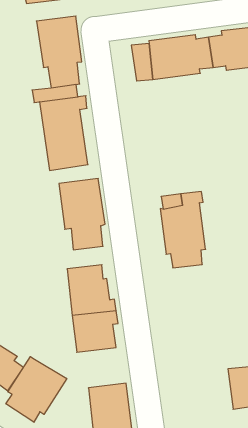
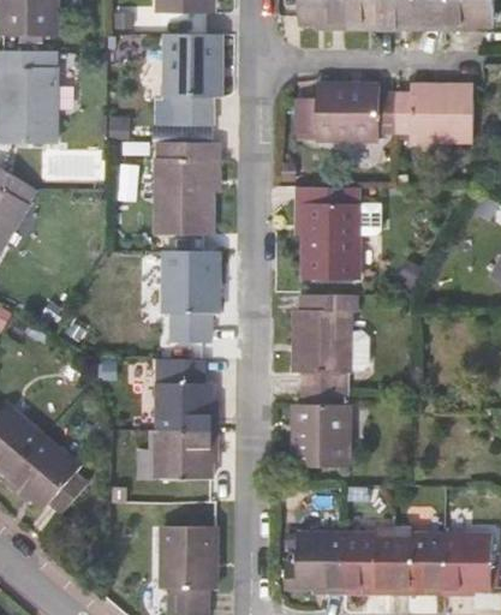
building: none -> [297,185,358,276]
building: none -> [292,387,346,468]
building: [6,357,67,422] -> none
building: none -> [290,530,353,591]

